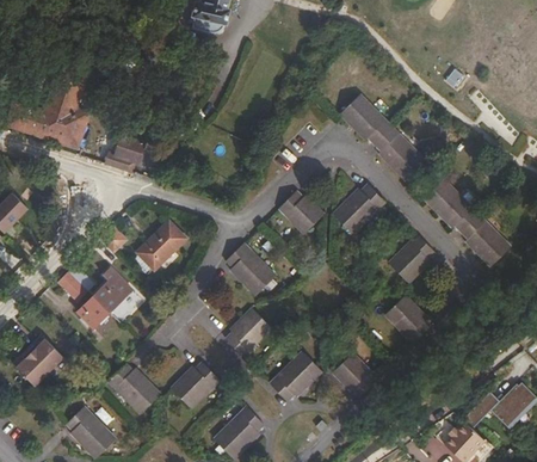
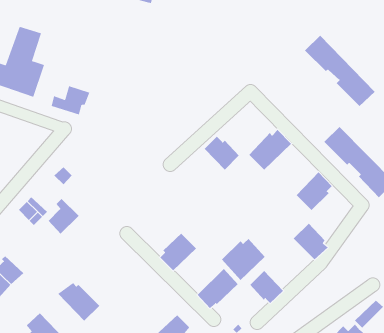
building: [341,96,427,183] -> [304,35,375,107]
building: [135,223,179,267] -> none
building: [228,245,276,295] -> none
building: [75,295,107,328] -> none
building: none -> [221,238,266,281]
building: [168,362,220,411] -> none

